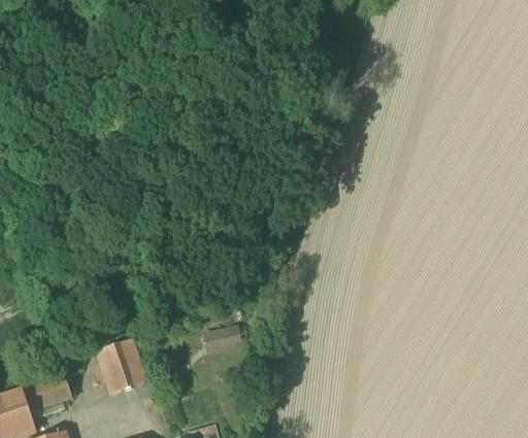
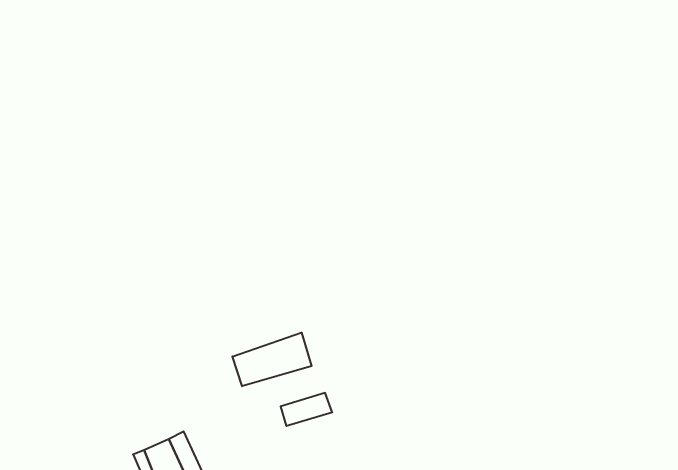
building: none -> [232,333,312,386]

